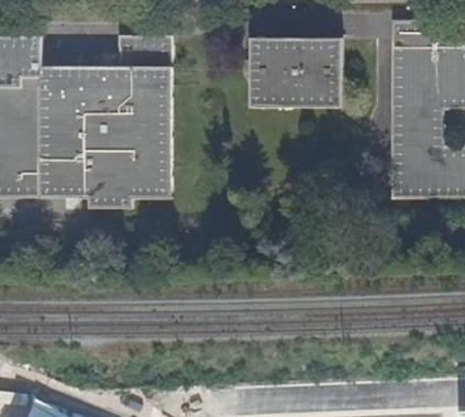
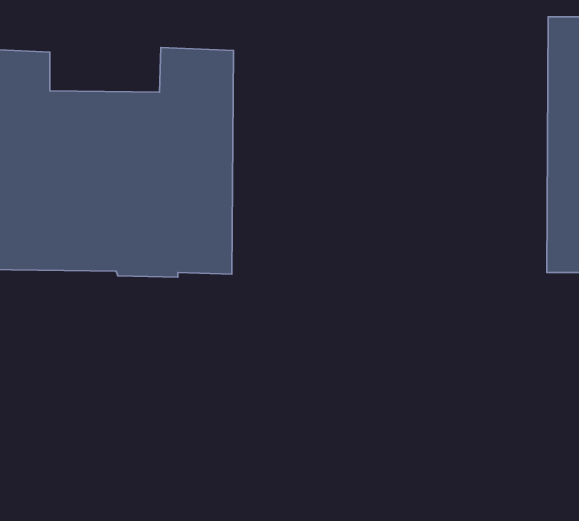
building: [254,39,345,107] -> none

